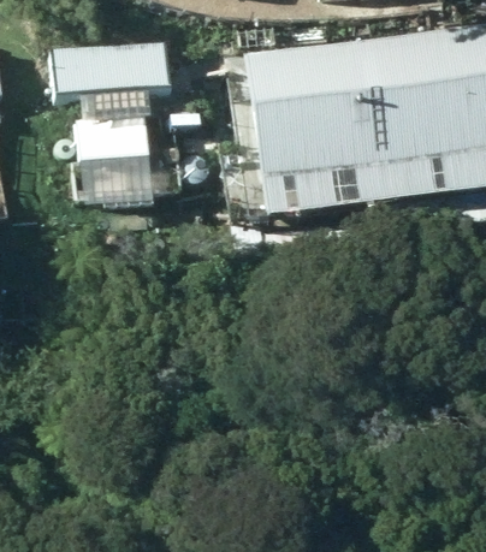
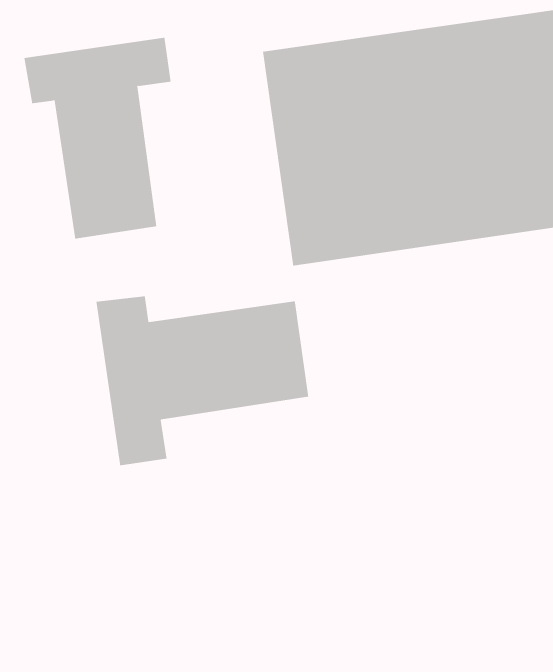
building: none -> [96,295,309,466]

